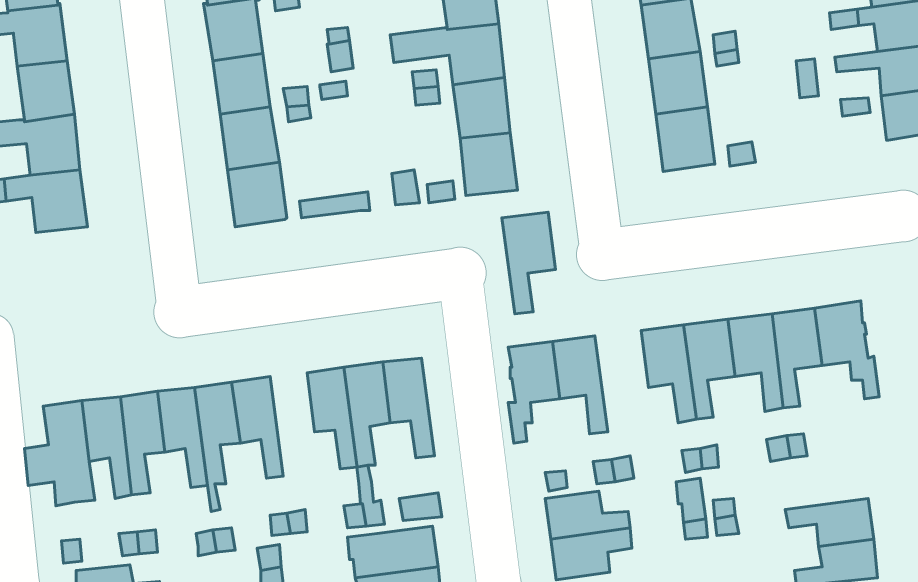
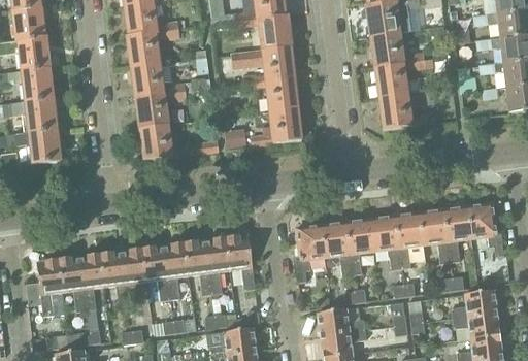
building: [502,212,555,314] -> [345,219,375,275]
building: none -> [164,242,189,300]
building: none -> [451,290,498,319]

